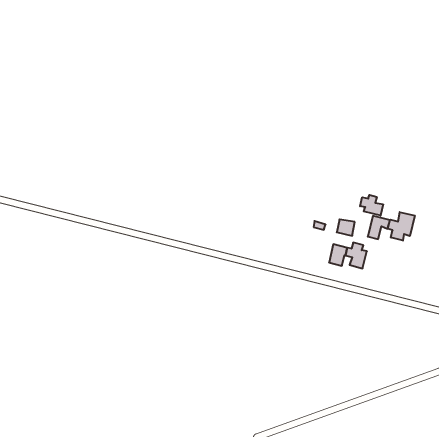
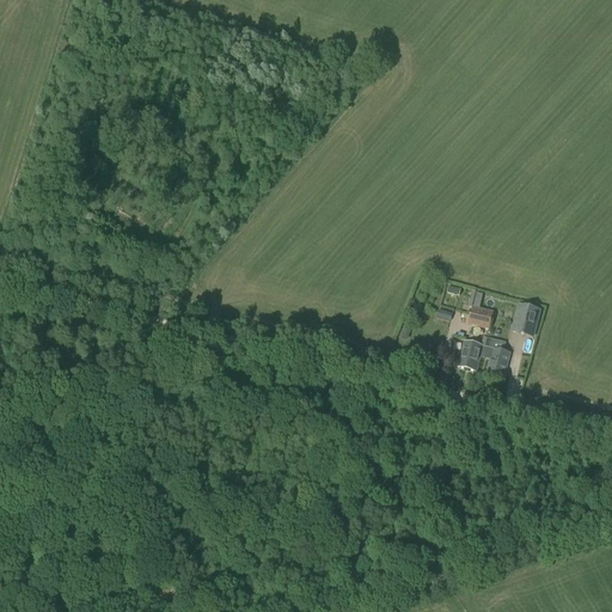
building: [360,195,383,216] -> none
building: [388,212,415,241] -> none

